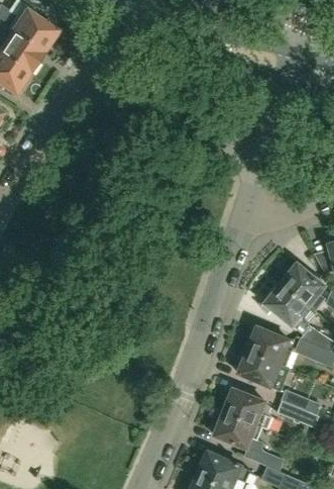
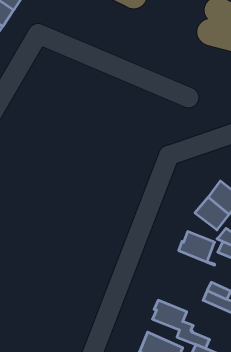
building: [239,350,291,390] -> none
building: [221,388,272,429] -> none

